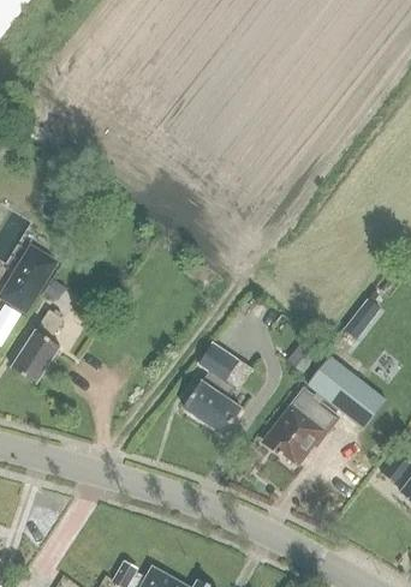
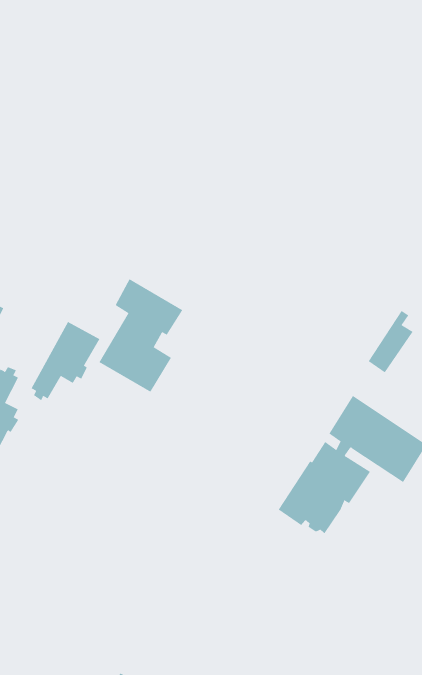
building: none -> [31,321,100,401]
building: [181,342,252,435] -> [99,279,183,393]

